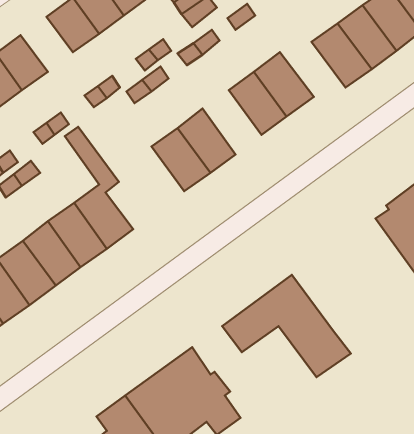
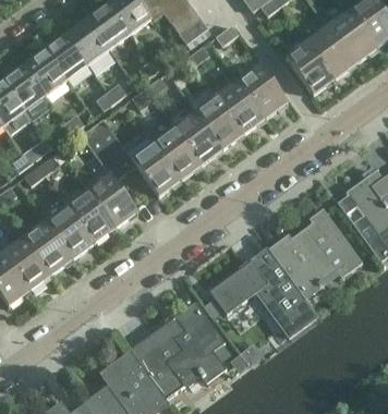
building: none -> [43,35,86,81]
building: none -> [194,96,243,149]
building: none -> [90,118,179,195]
building: none -> [268,209,363,296]

